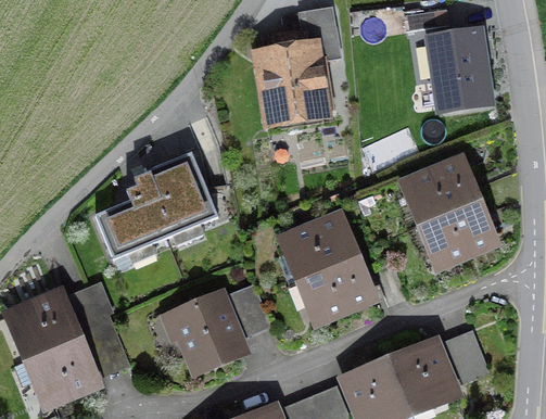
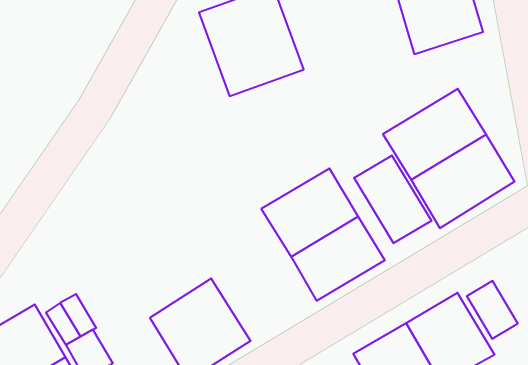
building: [99,150,225,257] -> none
building: none -> [354,155,431,243]
building: [228,284,269,334] -> none

